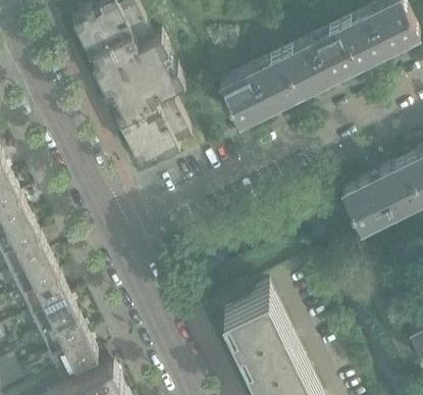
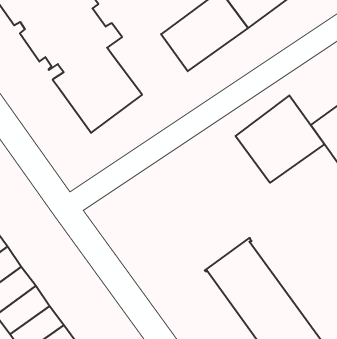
building: none -> [236,95,324,183]

